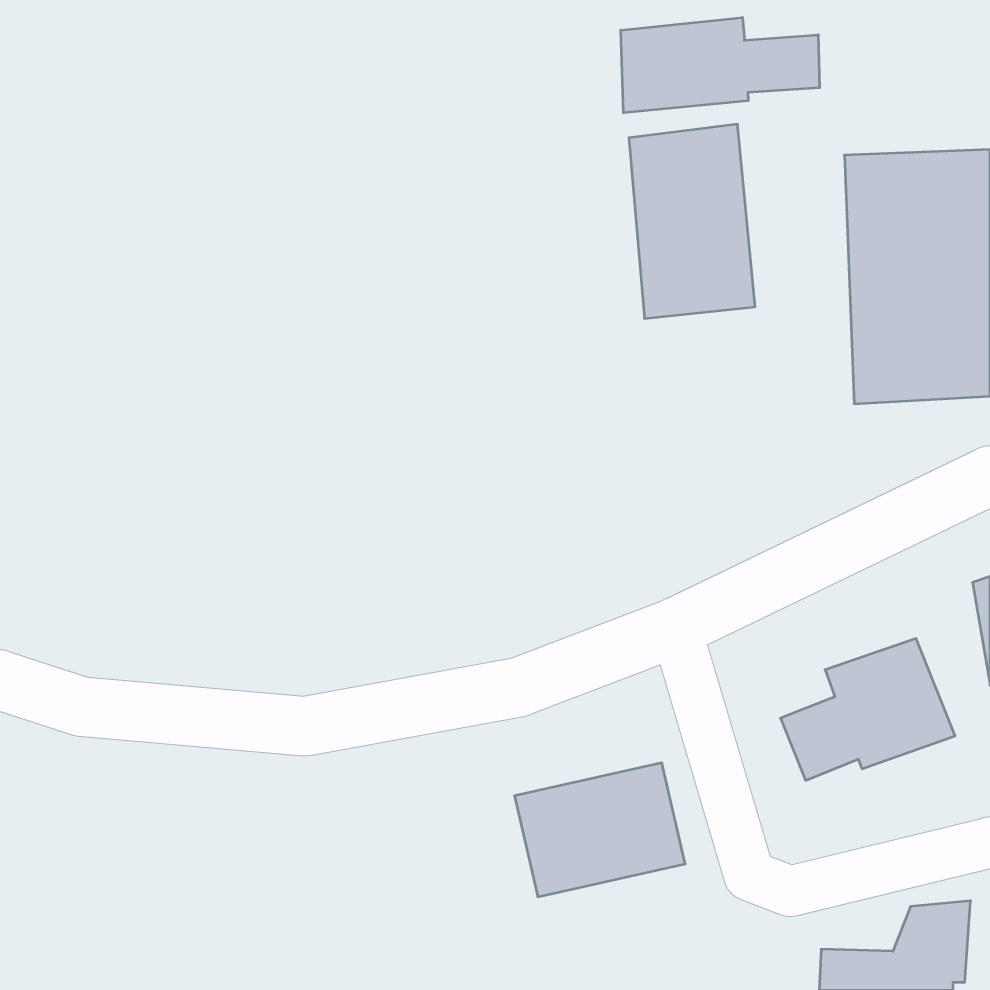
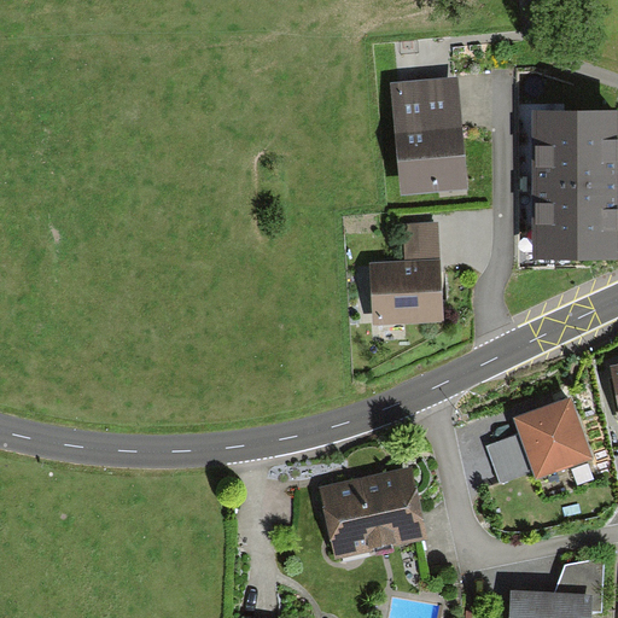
building: [621,17,820,113] -> none
building: none -> [368,222,444,327]

